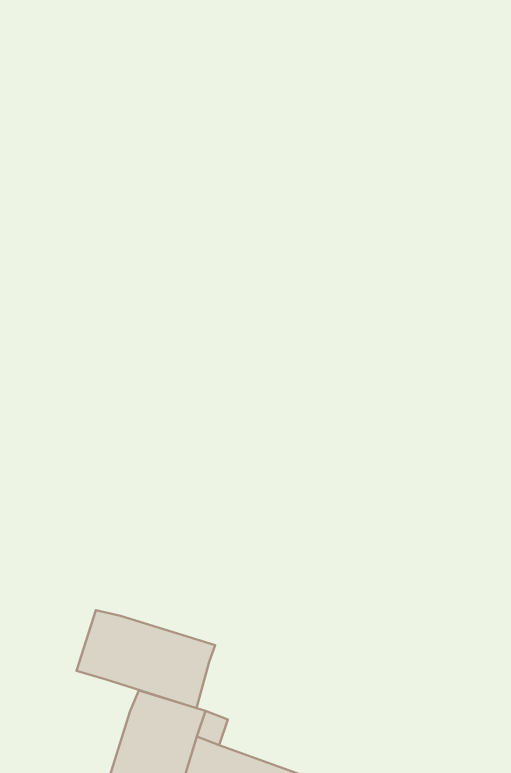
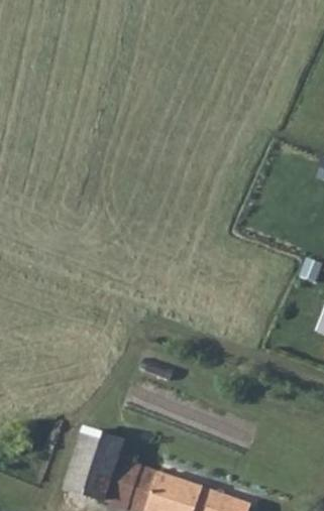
building: [76,610,215,708] -> none

